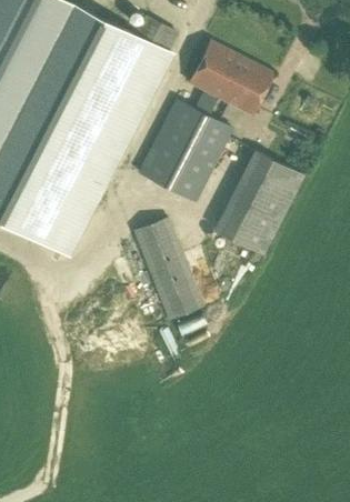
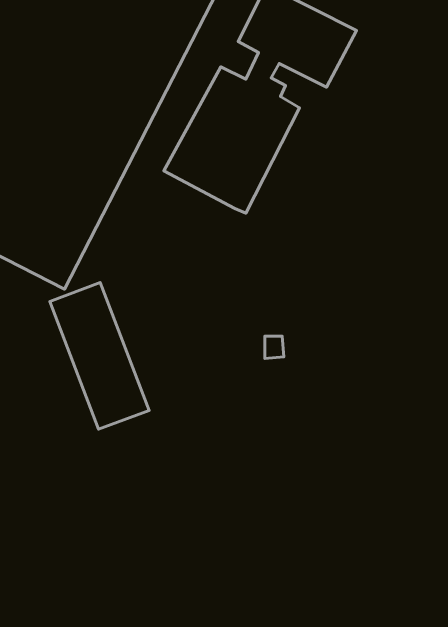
building: [212,151,303,257] -> none
building: [132,218,202,321] -> [50,283,149,429]

